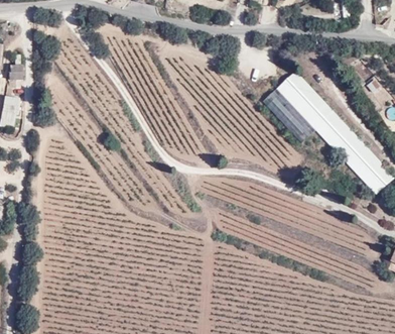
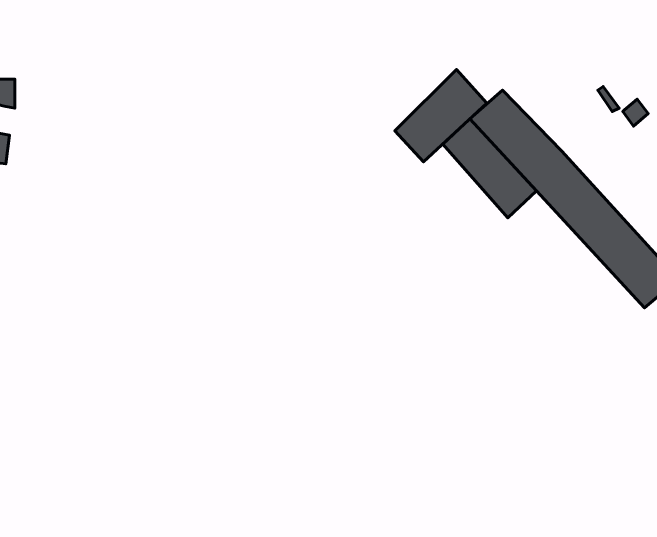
building: none -> [395,70,487,162]

